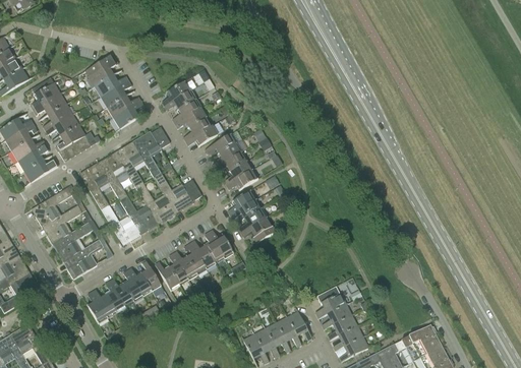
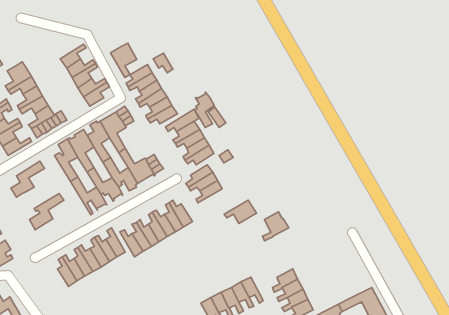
building: none -> [111,43,137,78]
building: none -> [195,92,214,128]
building: [46,201,86,243] -> none
building: [240,217,276,242] -> [224,200,257,223]
building: [62,239,104,279] -> none
building: [315,287,344,318] -> [263,212,289,241]

